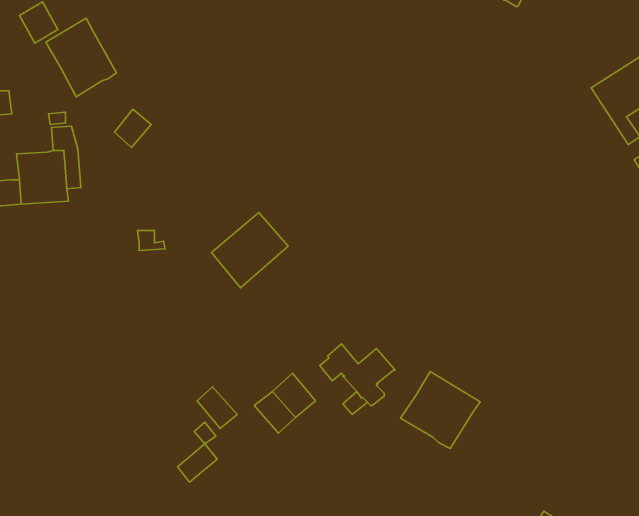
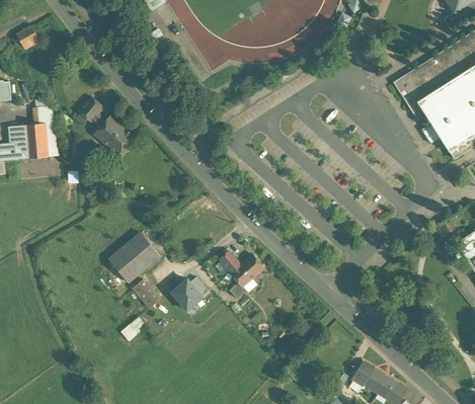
building: [46,18,117,97] -> none
building: none -> [94,114,135,154]
building: [211,213,288,288] -> [109,232,160,281]
building: [400,372,480,449] -> none

